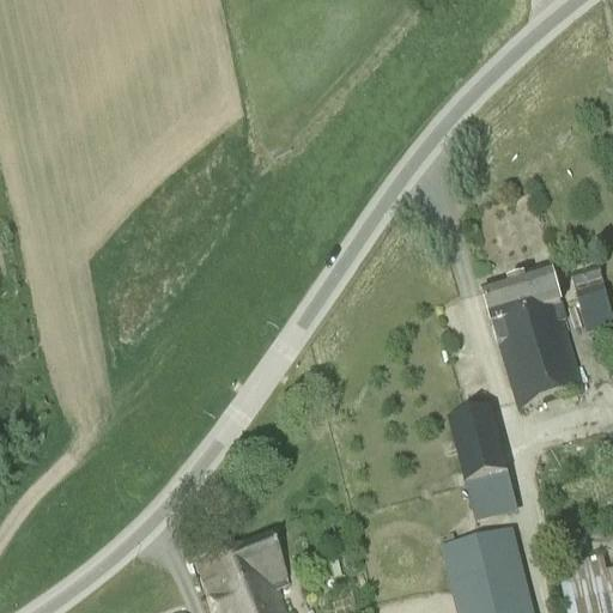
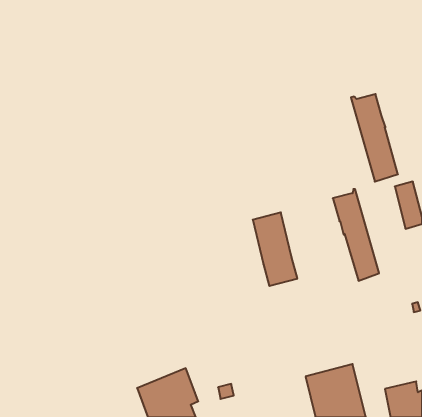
building: [515,269,583,396] -> [351,94,398,182]
building: [450,406,515,512] -> [253,212,297,286]

